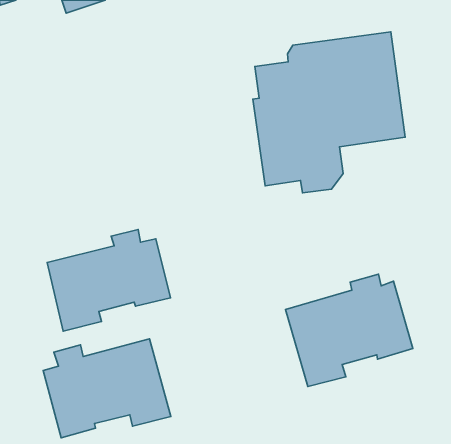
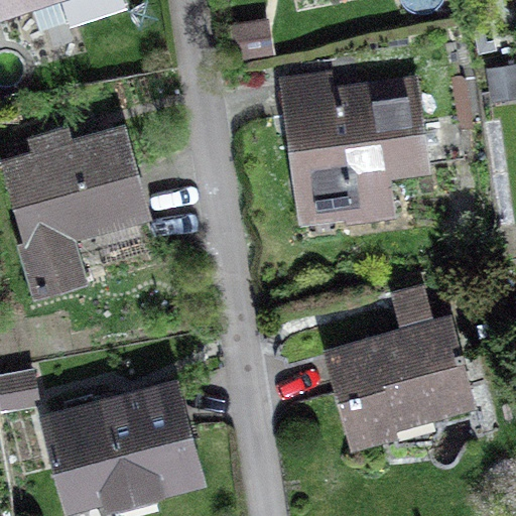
building: none -> [5,138,144,300]
building: [47,229,170,331] -> none

